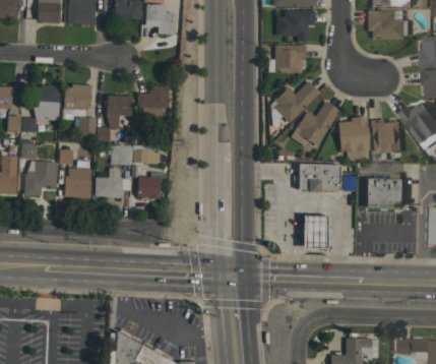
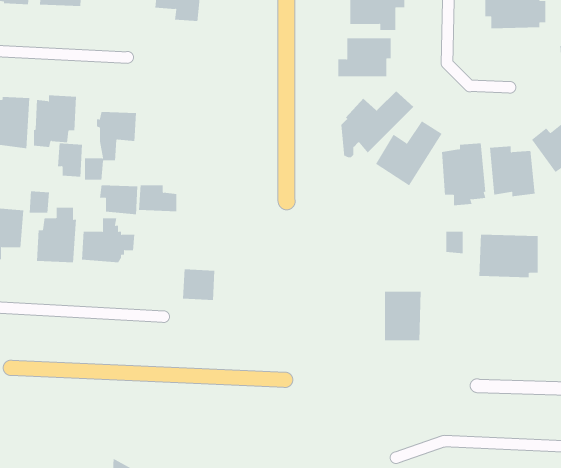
building: [136,84,169,117] -> none
building: [296,164,338,194] -> none
building: [137,176,160,197] -> [182,269,215,300]

